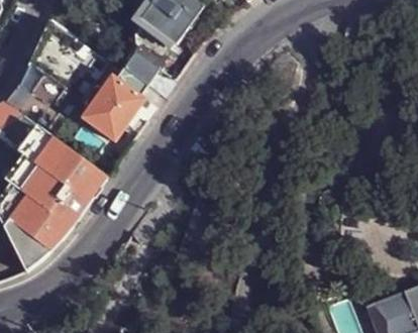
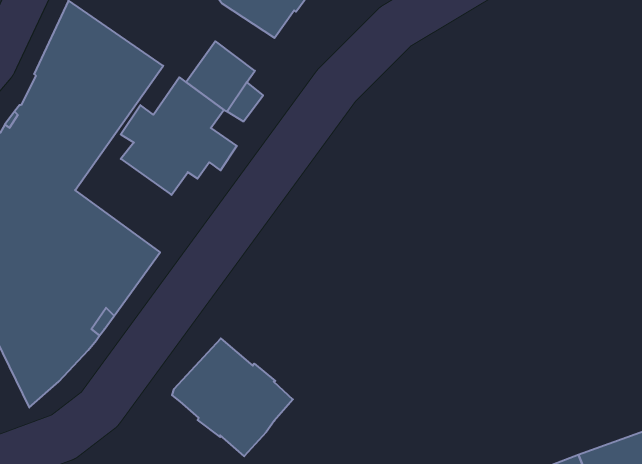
building: none -> [172,338,293,456]

